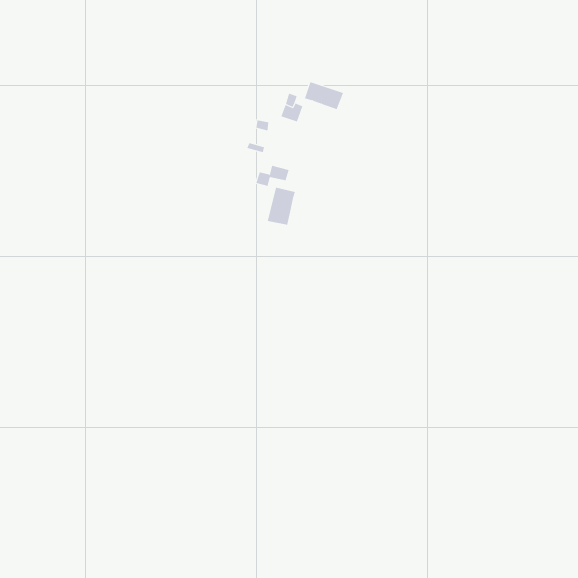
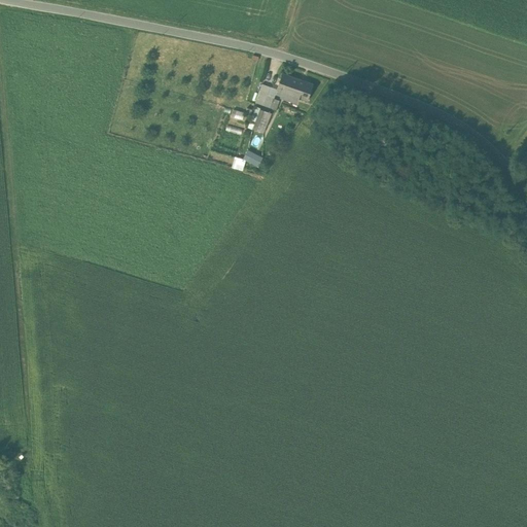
building: [267,187,296,225] -> none

